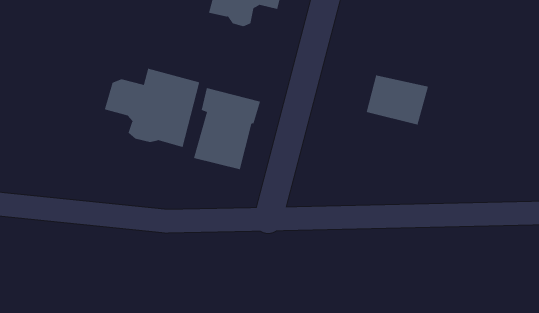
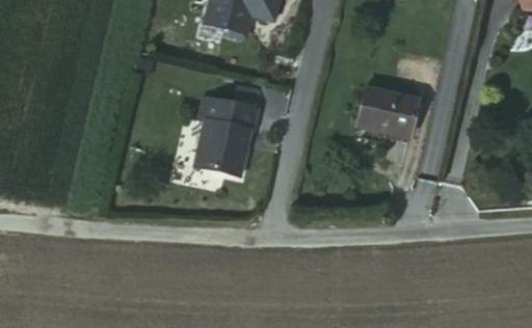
building: [104,68,200,148] -> none

